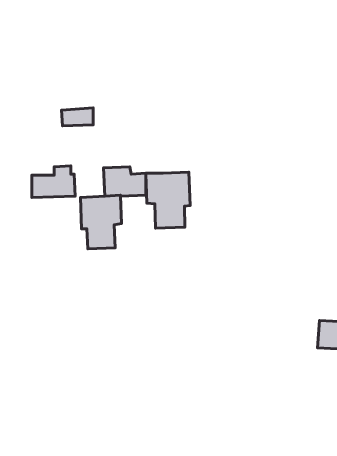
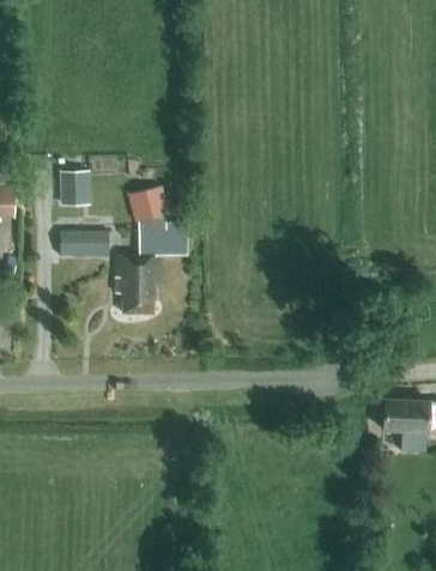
building: none -> [60,174,90,207]
building: none -> [126,183,169,223]
building: [146,172,190,228] -> none

